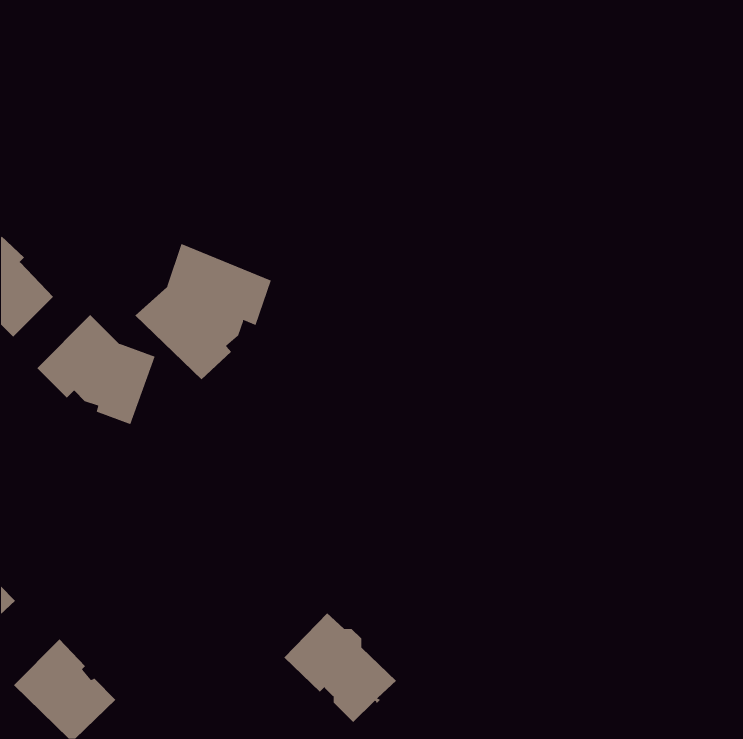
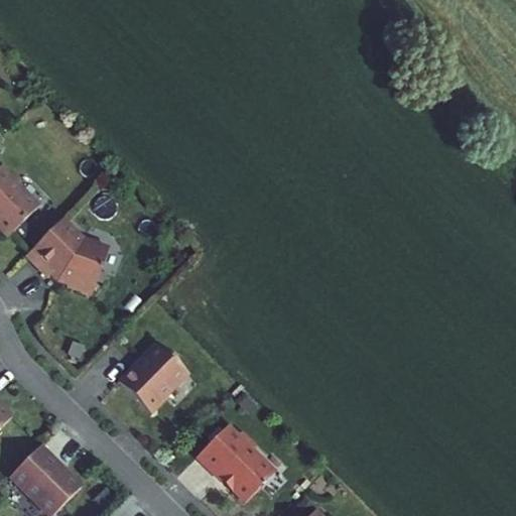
building: [135,243,271,380] -> none
building: none -> [118,342,186,412]

